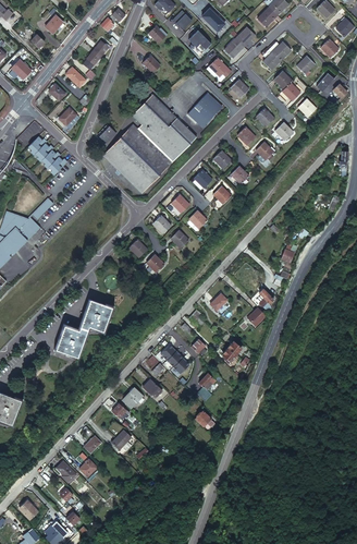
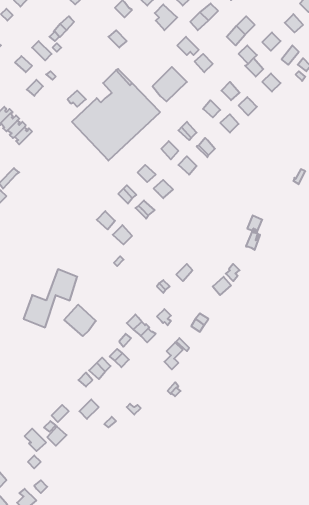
building: none -> [64,305,96,336]

